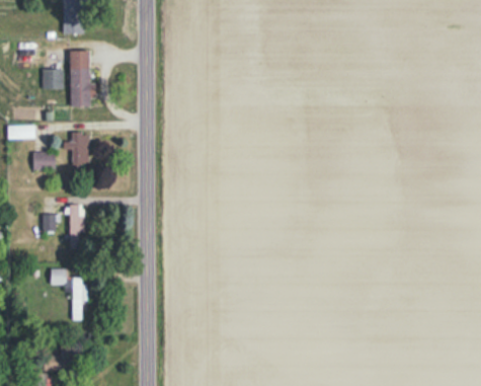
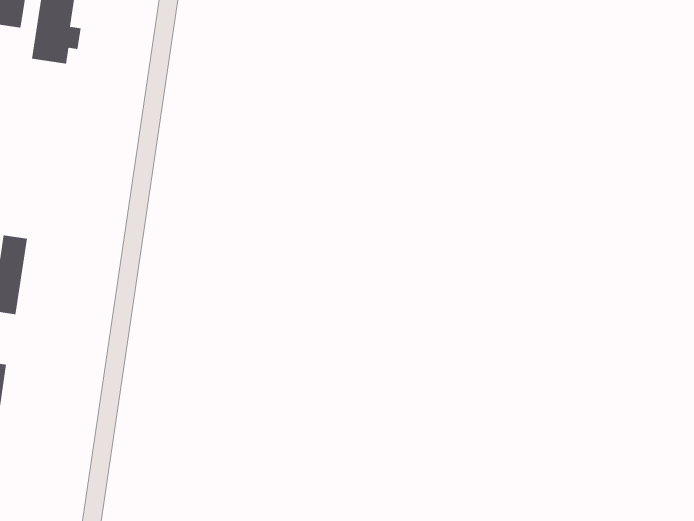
building: [64,131,89,170] -> none

